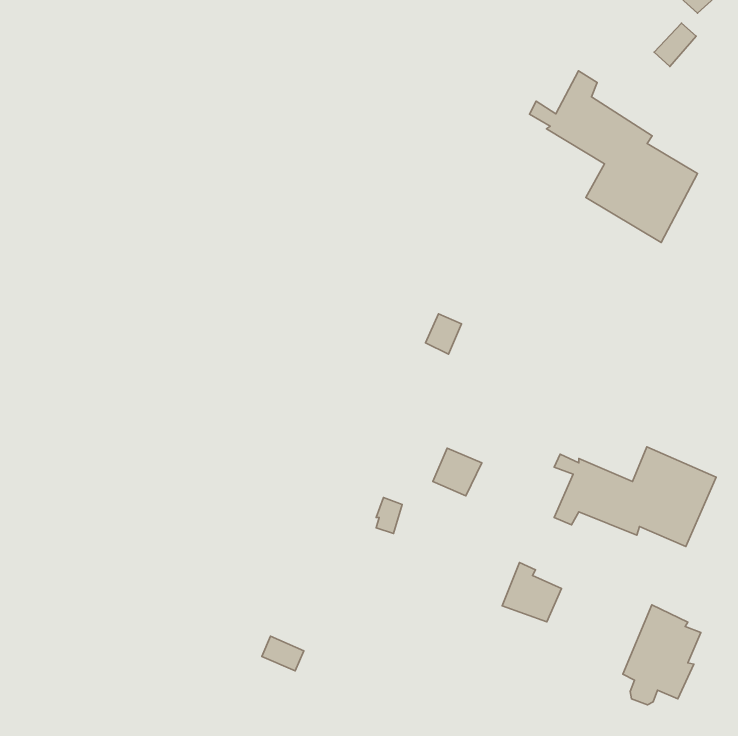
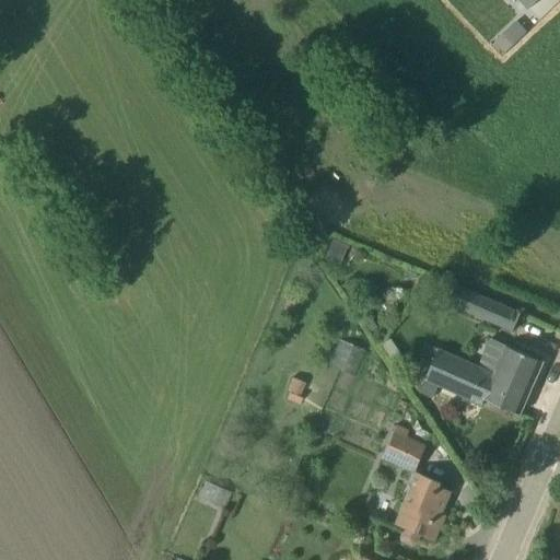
building: [529,71,697,243] -> none
building: none -> [448,282,522,331]
building: [623,605,701,705] -> [393,470,452,546]

